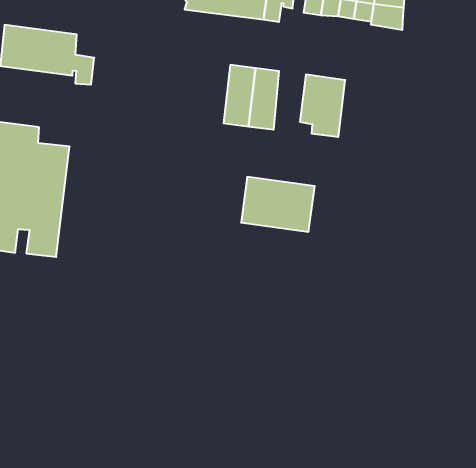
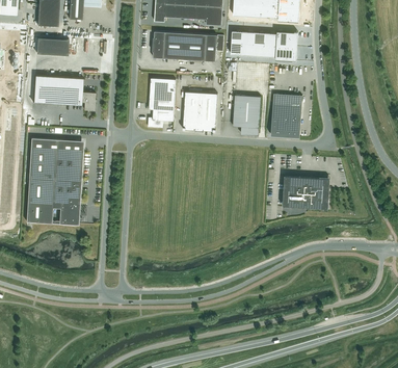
building: none -> [149,78,176,128]
building: none -> [271,94,302,137]
building: [241,177,315,232] -> [283,176,329,209]

